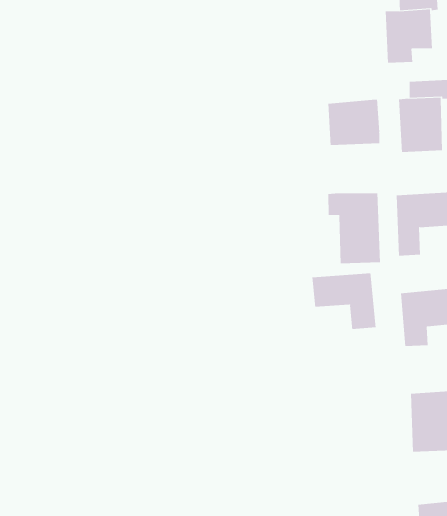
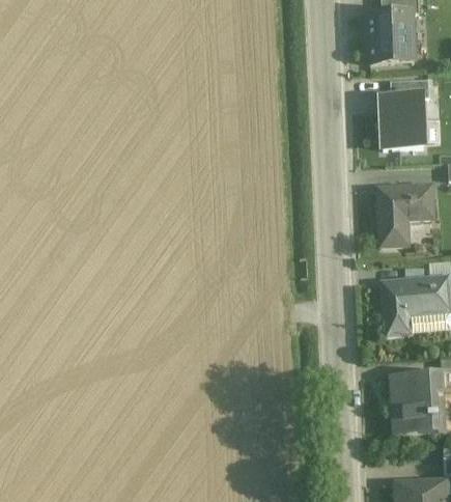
building: [328,99,380,146] -> none
building: [328,192,381,264] -> none
building: [312,272,376,330] -> none

